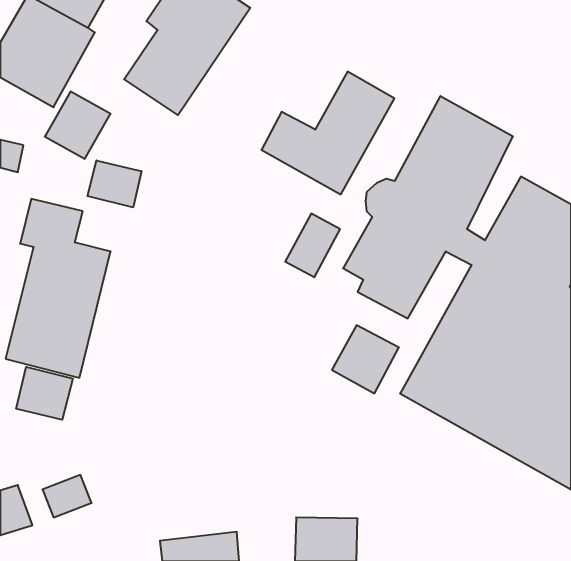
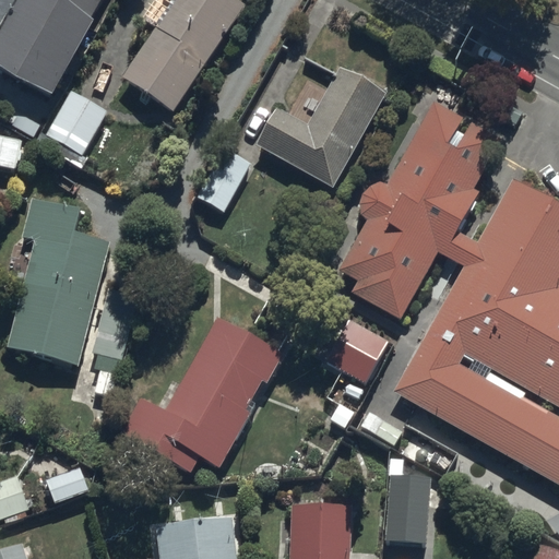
building: [87,160,141,207] -> none
building: [285,214,340,277] -> [197,148,250,211]
building: none -> [119,321,283,475]
building: [16,367,73,420] -> none
building: none -> [384,476,430,544]

